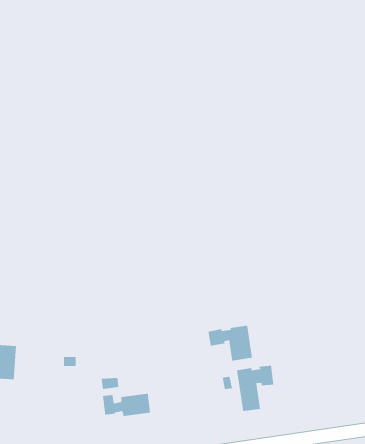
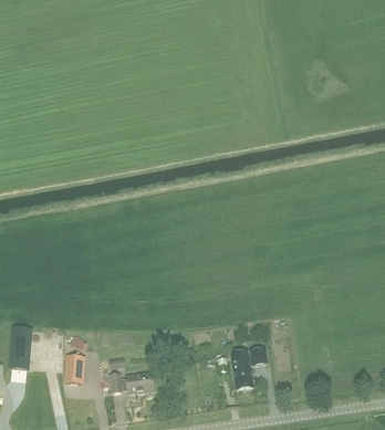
building: [208,325,252,361] -> none
building: none -> [64,354,84,382]

